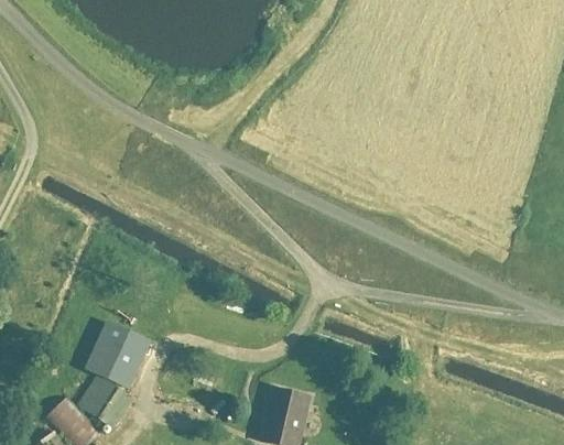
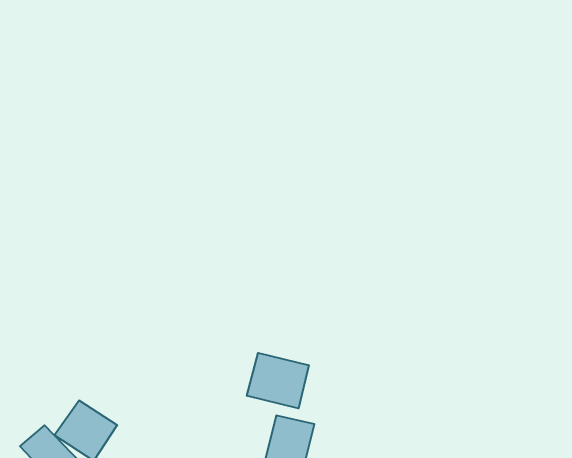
building: [87,322,149,387] -> none
building: none -> [247,353,309,408]

